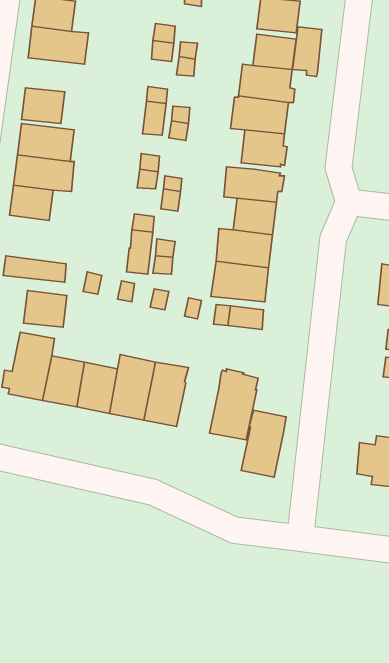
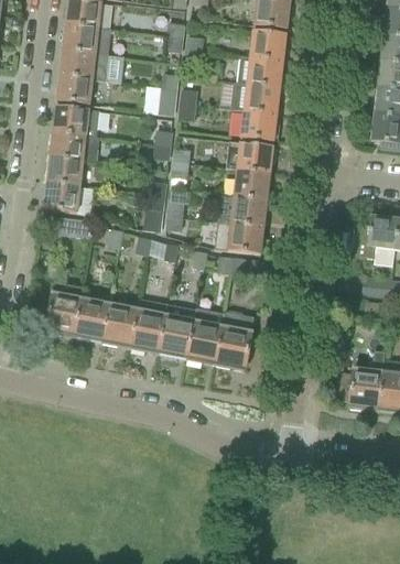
building: [292,27,322,76] -> none
building: none -> [60,48,109,79]
building: [24,290,67,327] -> [43,181,79,212]
building: [241,410,286,477] -> [186,307,224,364]

